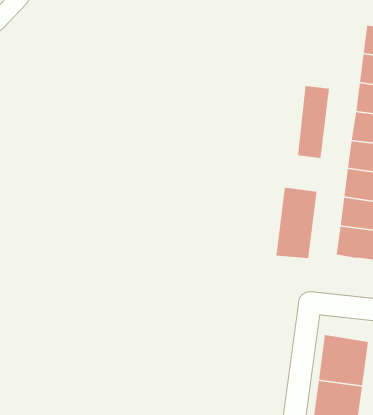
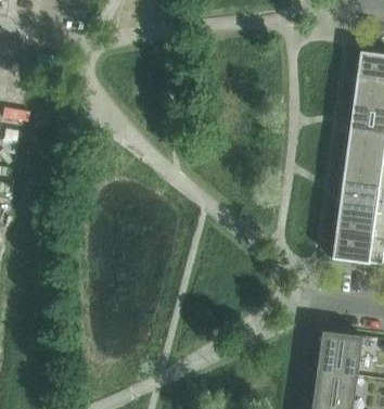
building: [297,85,330,159] -> none
building: [275,187,317,259] -> none

